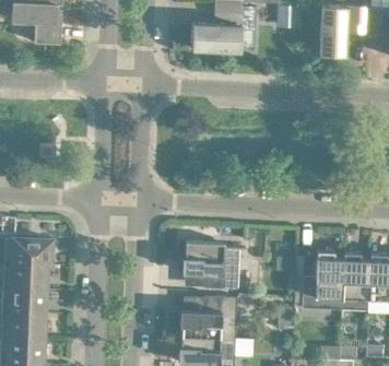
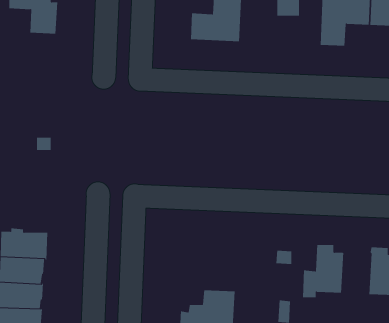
building: [184,240,238,290] -> none
building: [341,252,369,300] -> none

